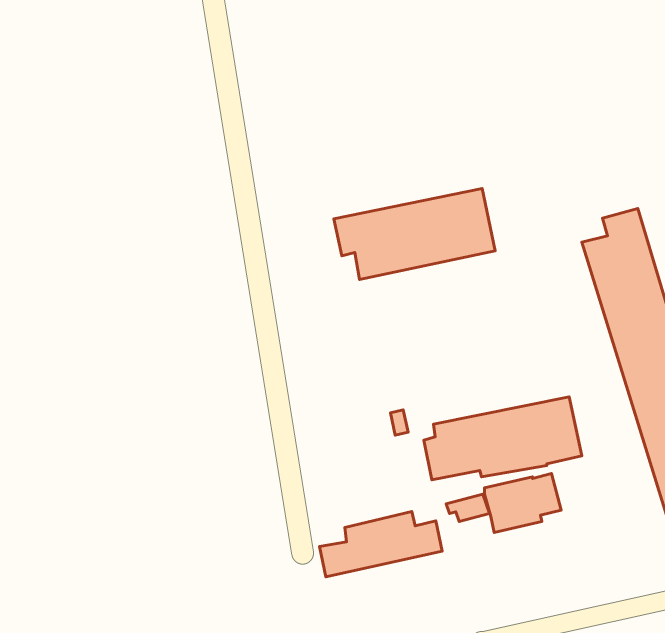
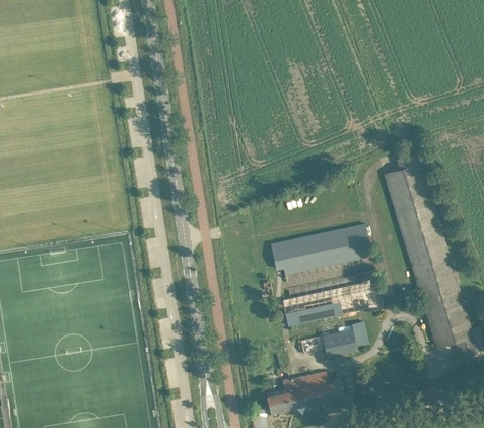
building: [334,189,495,280] -> [270,225,372,283]
building: [319,511,442,577] -> [266,371,344,413]

